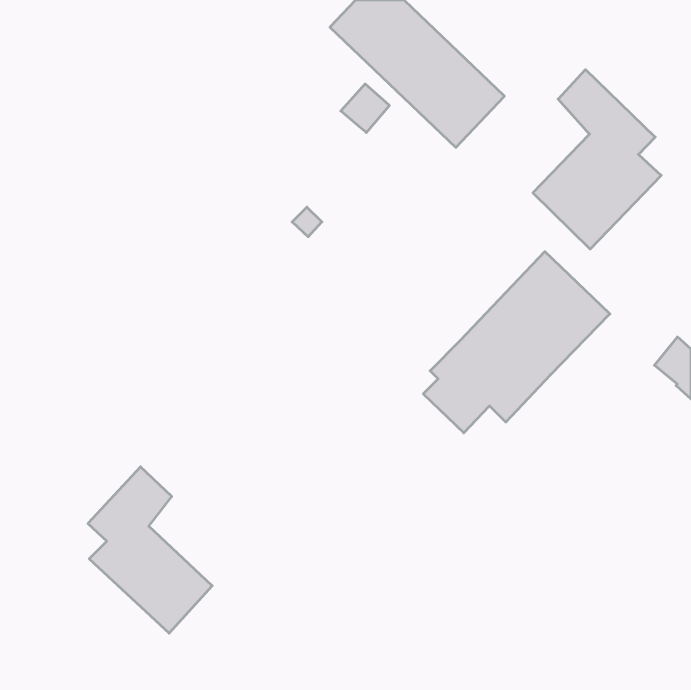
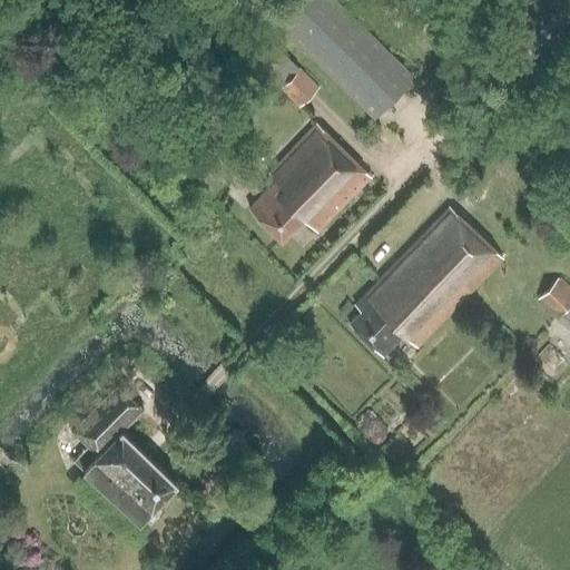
building: [533,70,661,249] -> none
building: none -> [248,126,371,240]

